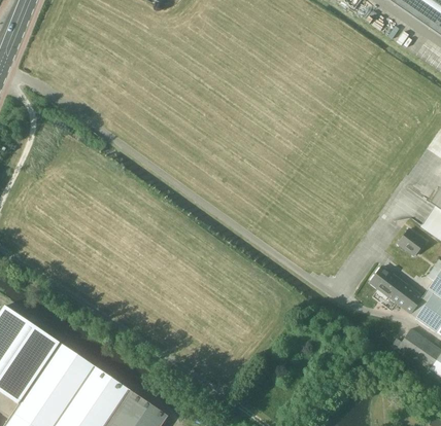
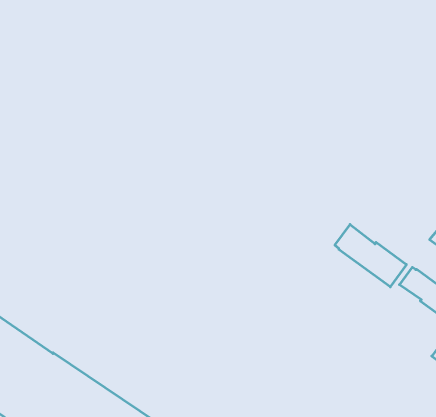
building: none -> [335,224,406,287]

